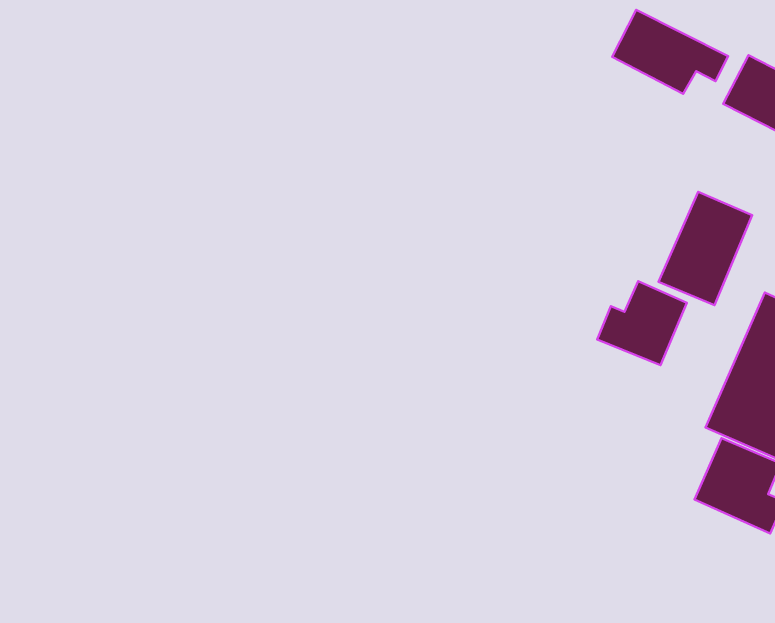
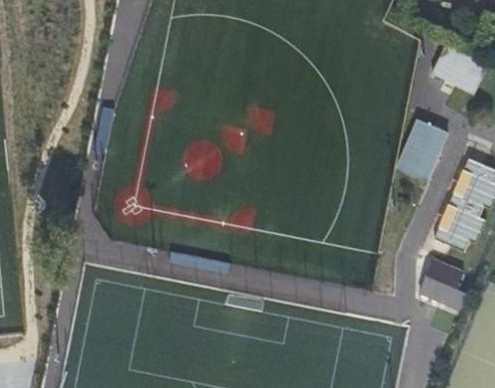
building: [612,10,728,94] -> none
building: [597,281,687,365] -> none

